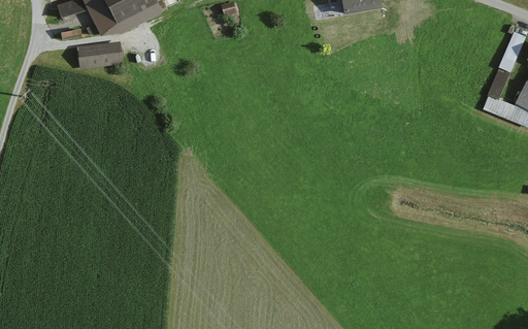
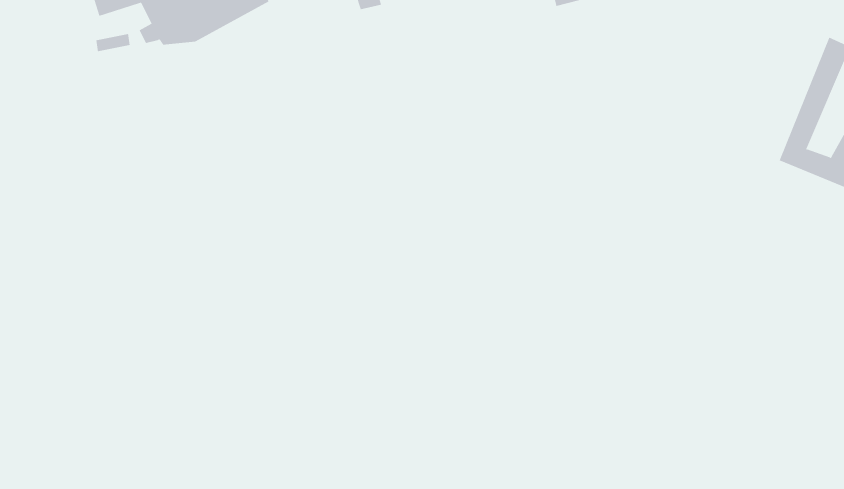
building: [77,42,121,66] -> none

